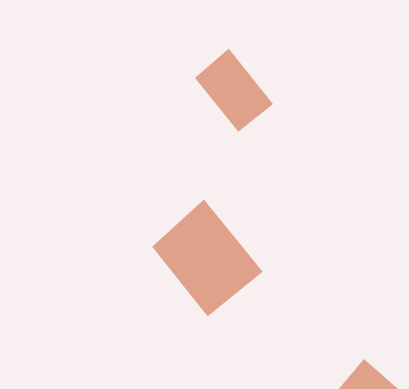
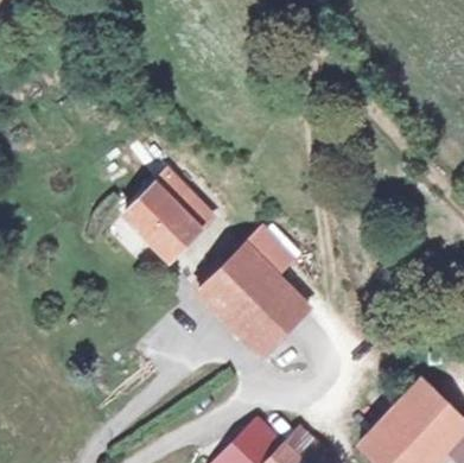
building: [194,48,274,133] -> [125,172,205,255]

